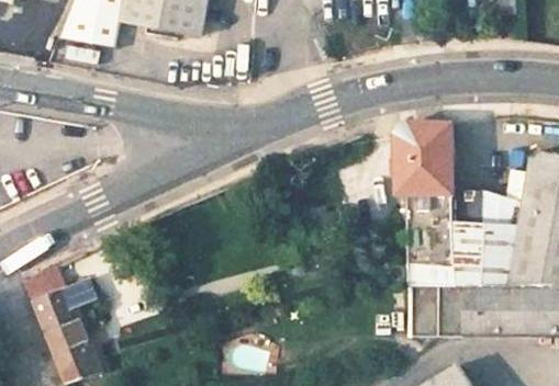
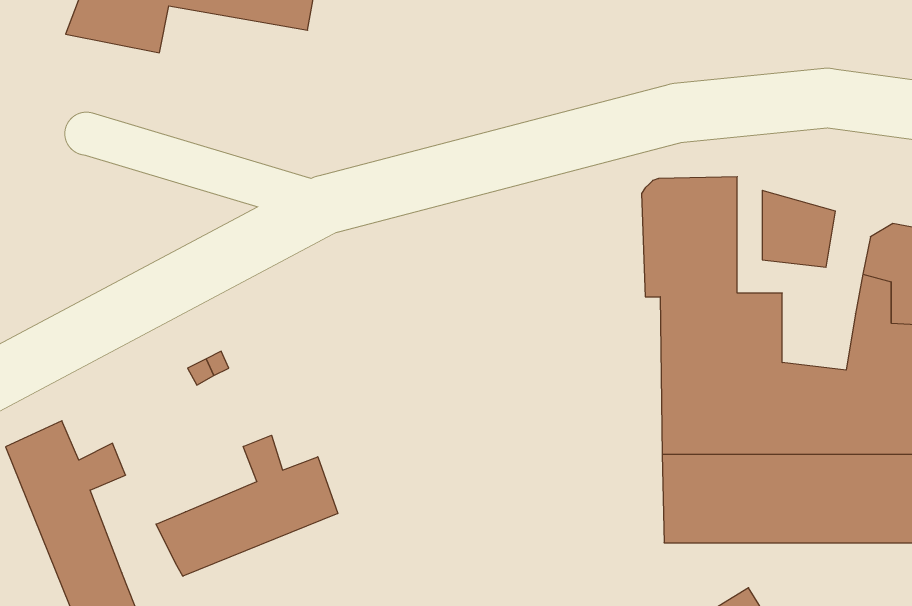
building: [479,190,522,235] -> [762,190,835,267]
building: none -> [156,435,338,576]

